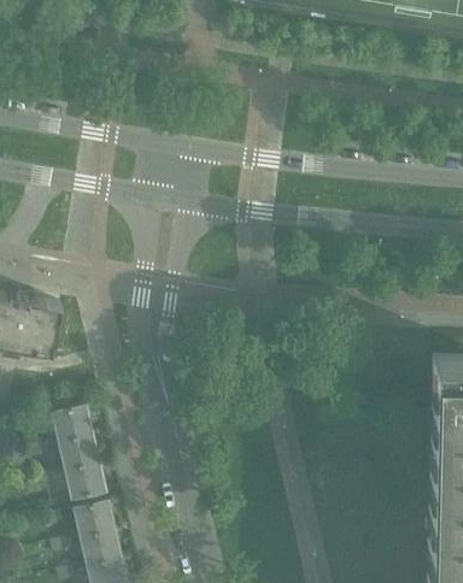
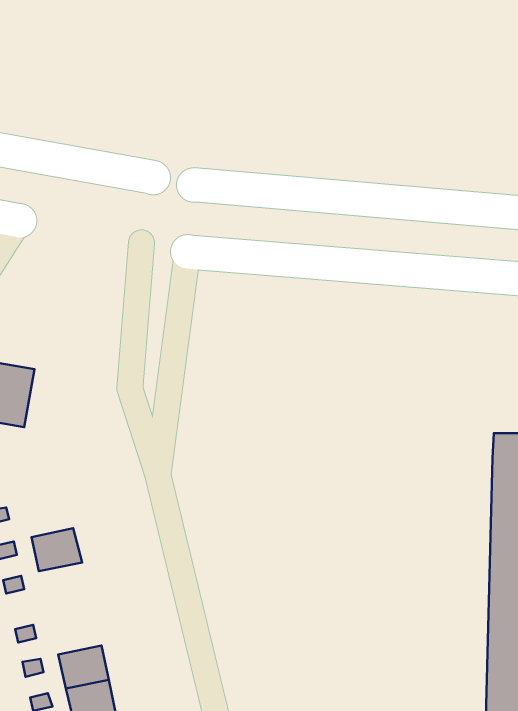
building: [51,404,92,440] -> none
building: [64,460,105,497] -> none
building: [74,499,115,535] -> none

